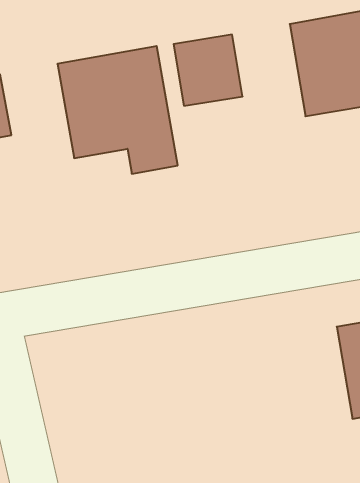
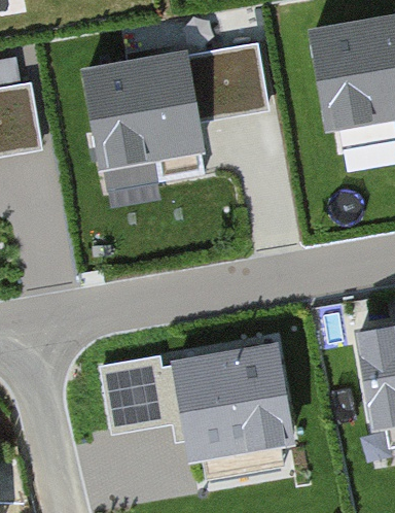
building: none -> [177,348,292,457]
building: none -> [102,357,171,429]

